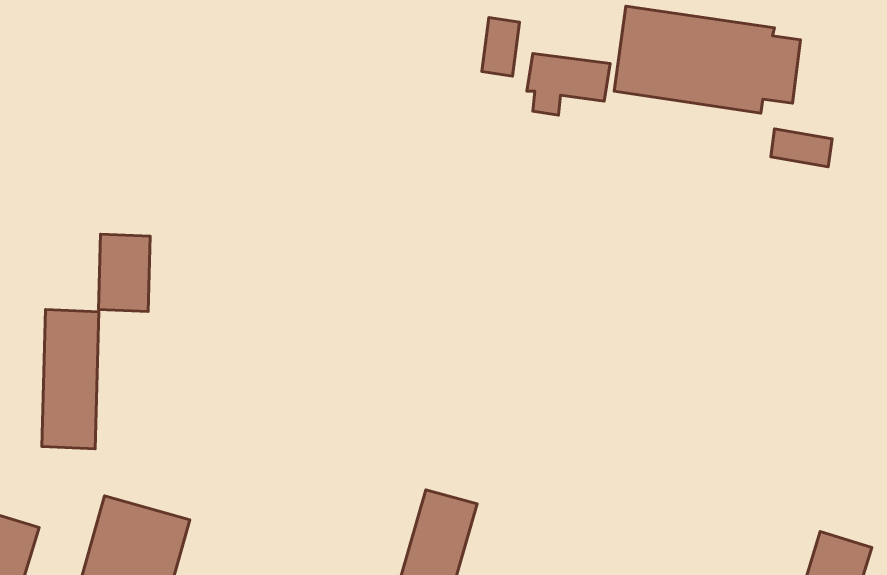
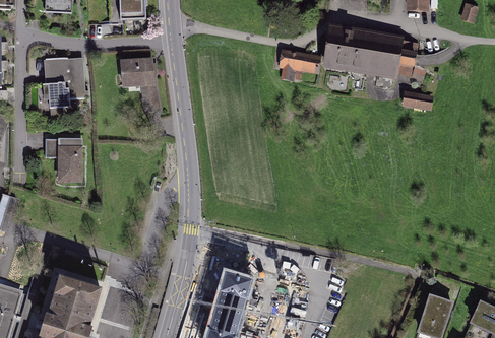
building: [482,17,519,76] -> none
building: none -> [39,56,89,107]
building: none -> [116,59,163,114]
building: [42,309,99,449] -> none

